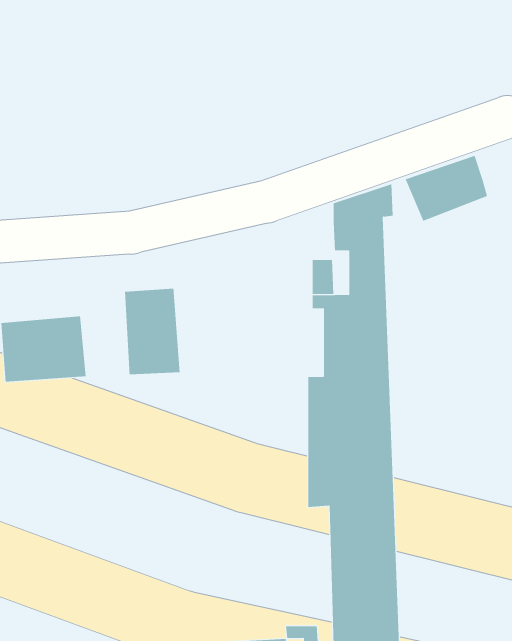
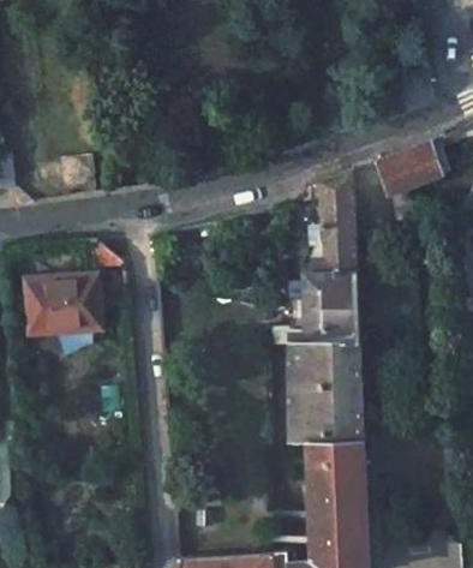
building: [124,288,180,375] -> none

